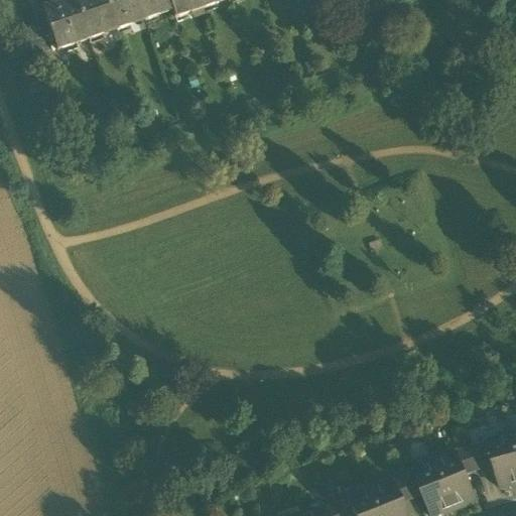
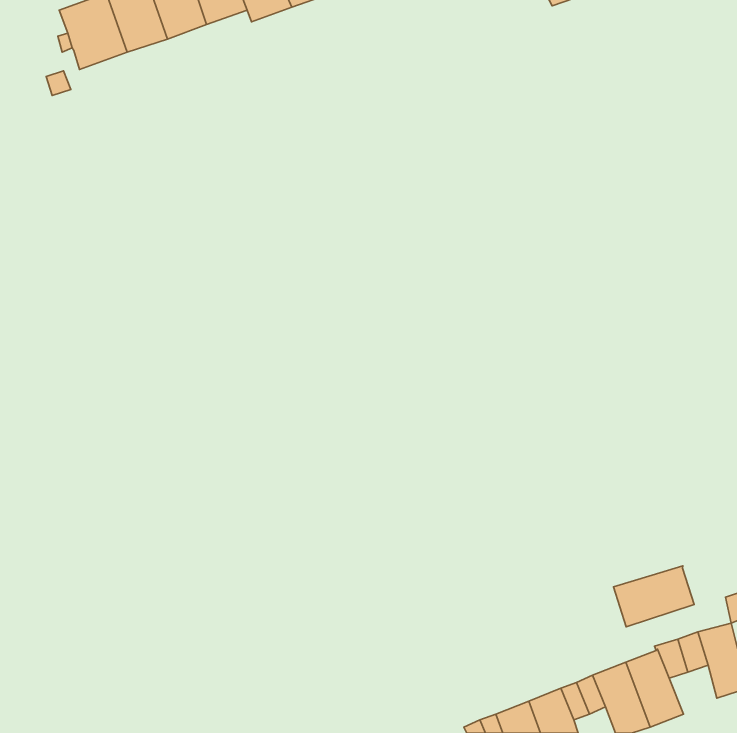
building: none -> [614,566,694,627]

